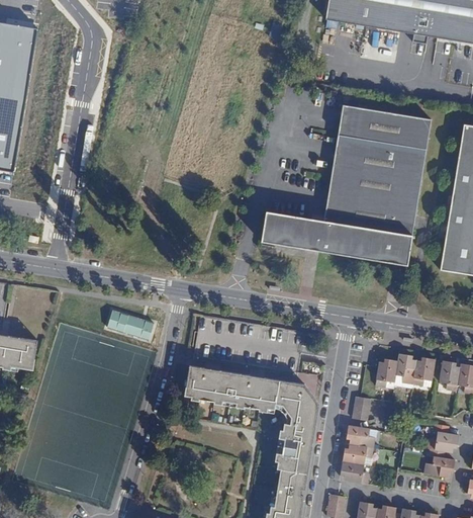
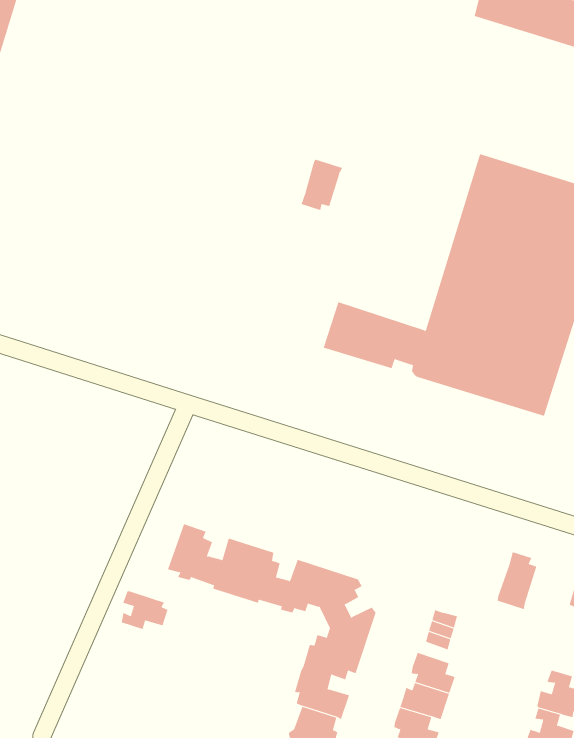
building: none -> [301,159,343,211]
building: [107,306,154,337] -> none
building: [411,357,435,385] -> none
building: [375,359,397,387] -> none
building: none -> [121,590,168,630]

